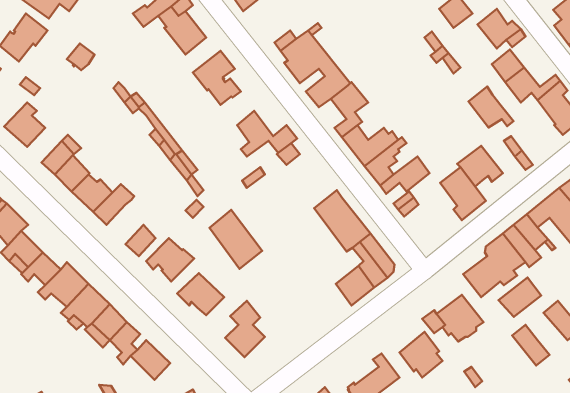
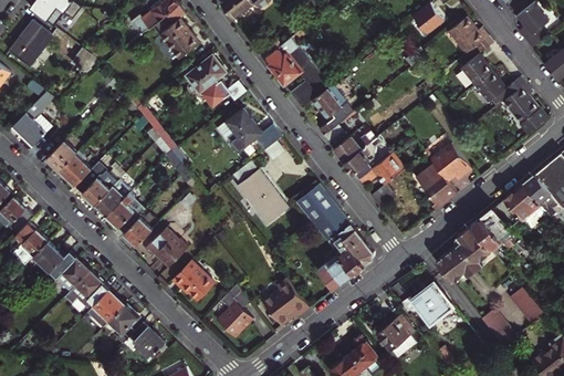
building: [469,87,513,128] -> none
building: none -> [106,194,147,234]
building: [209,210,262,269] -> [238,171,286,226]
building: [498,277,541,317] -> none
building: none -> [263,279,309,326]

